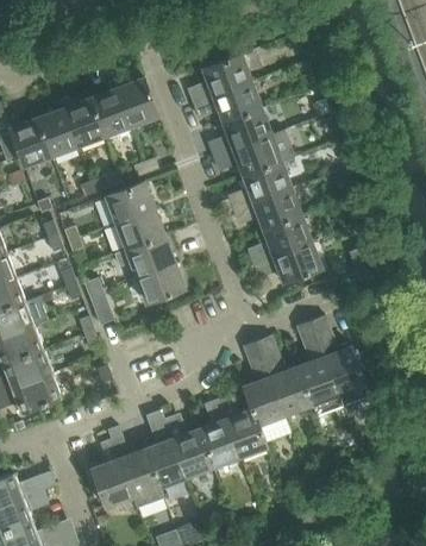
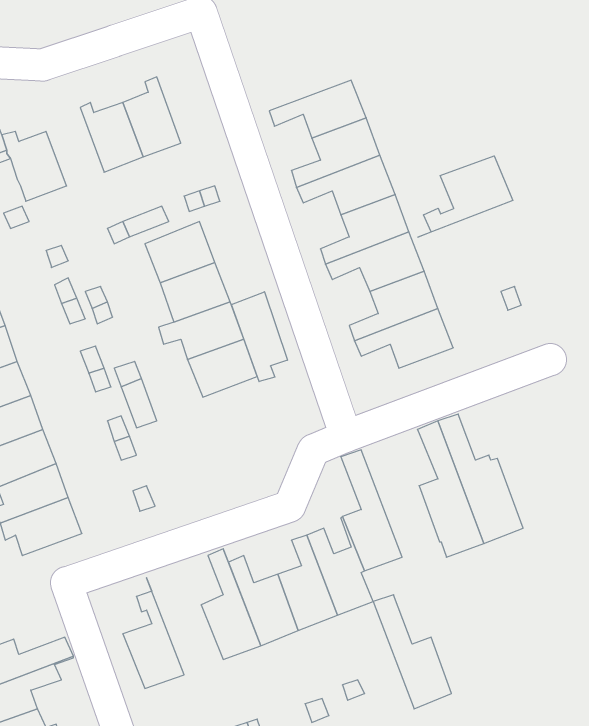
building: [188,55,250,103] -> none
building: [114,77,158,126] -> none
building: [37,101,77,156] -> none
building: none -> [418,156,513,237]
building: none -> [232,292,287,382]
building: [257,335,312,415] -> [373,595,451,709]
building: [107,426,165,509] -> none

